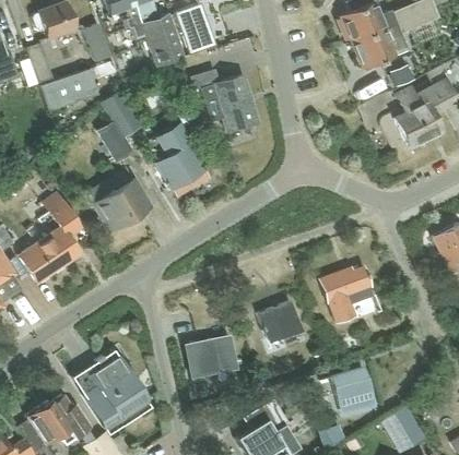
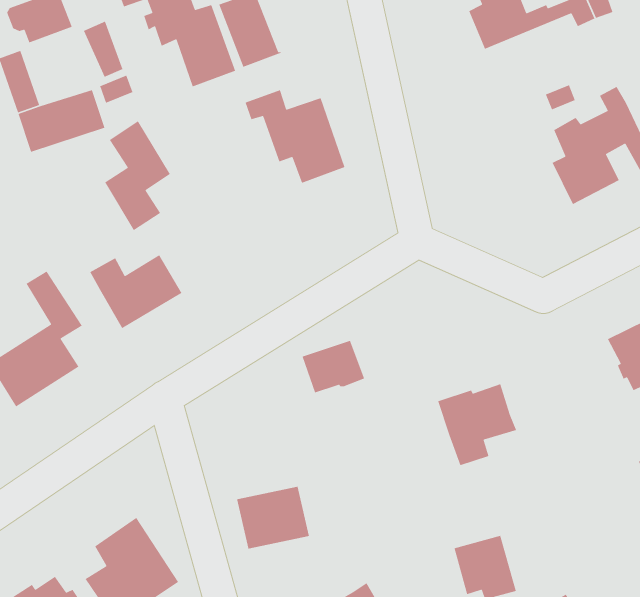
building: [352,19,414,70] -> none
building: [155,122,207,189] -> none
building: [258,300,301,336] -> [301,340,365,394]

